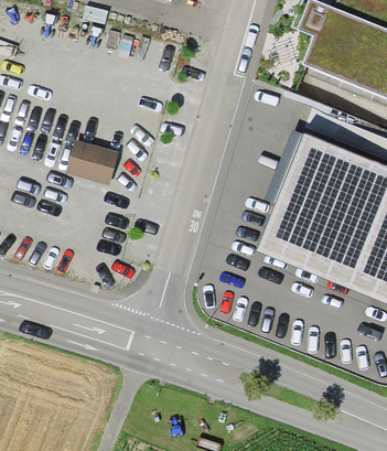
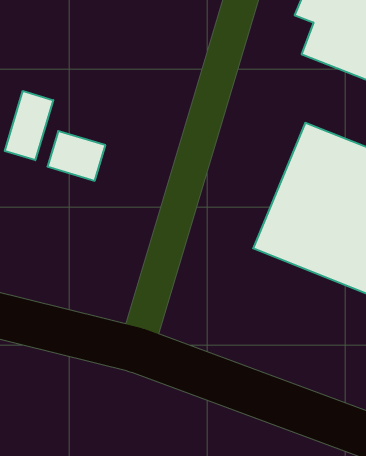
building: none -> [5,91,53,160]

